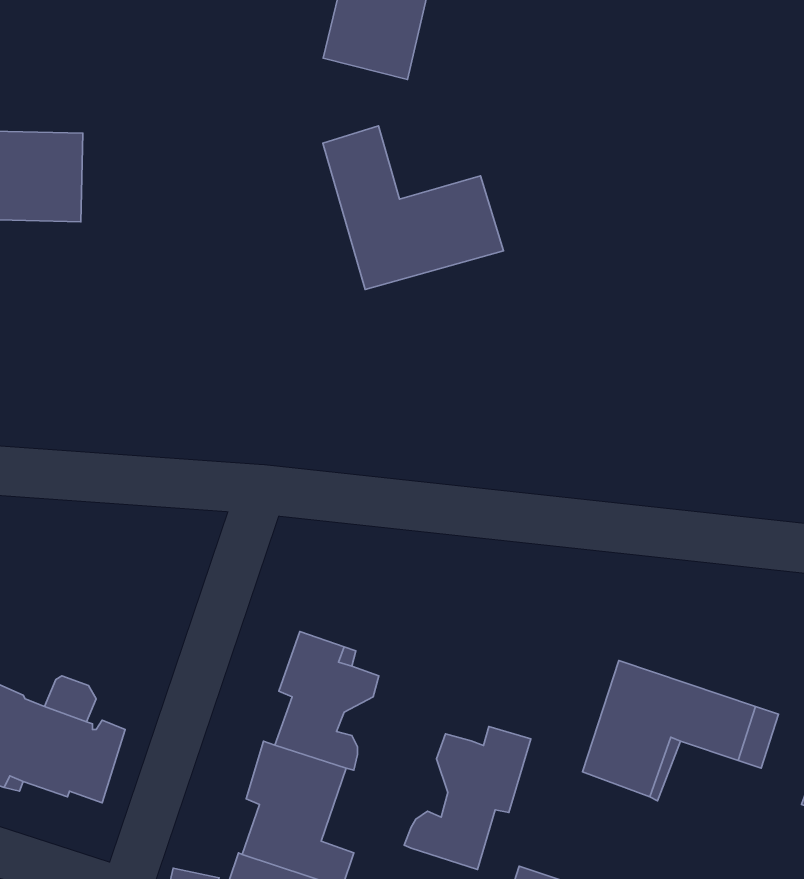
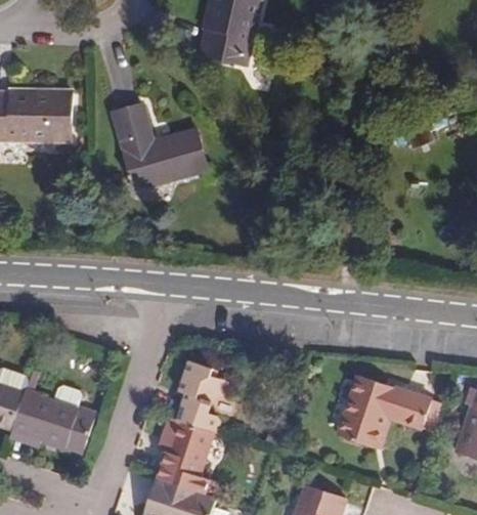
building: [323,126,503,289] -> [112,102,208,189]
building: [404,726,531,870] -> none

